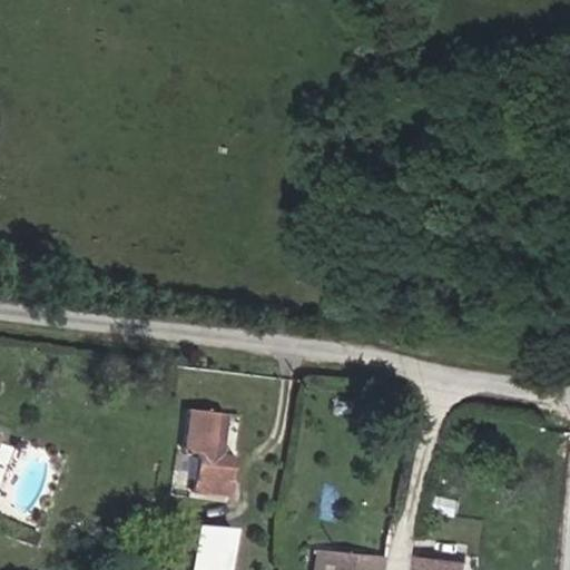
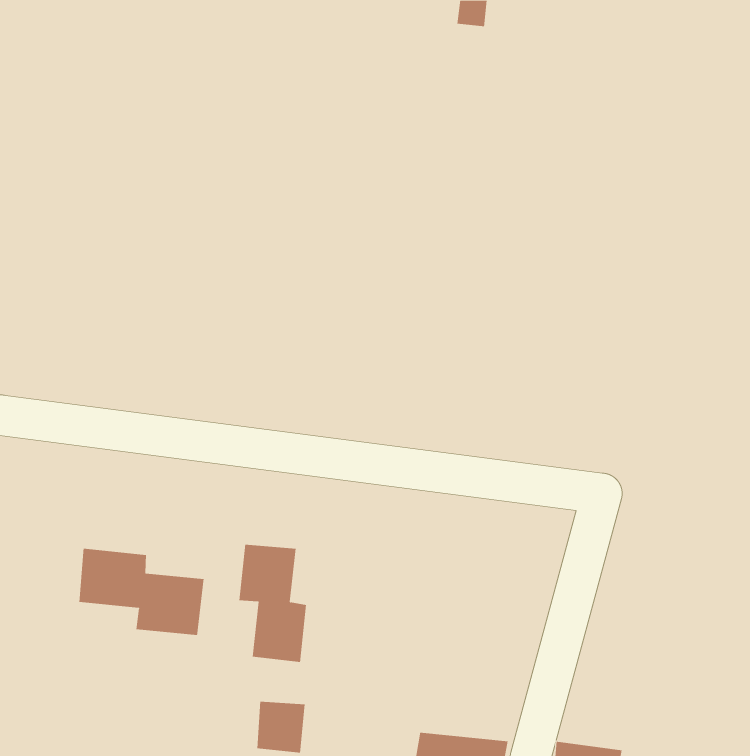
building: none -> [79,548,204,636]

